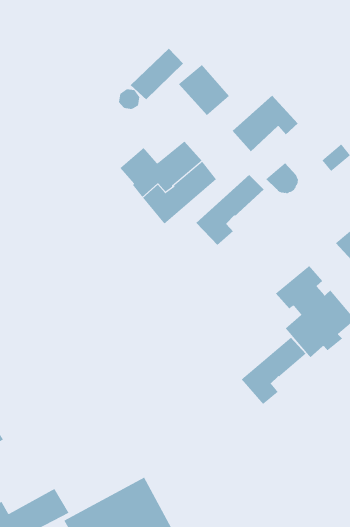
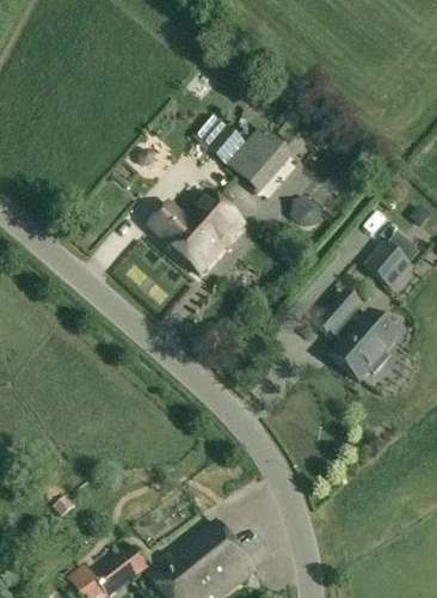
building: [130,48,184,100] -> [234,118,283,172]
building: [195,174,264,246] -> none
building: [241,337,306,405] -> none

